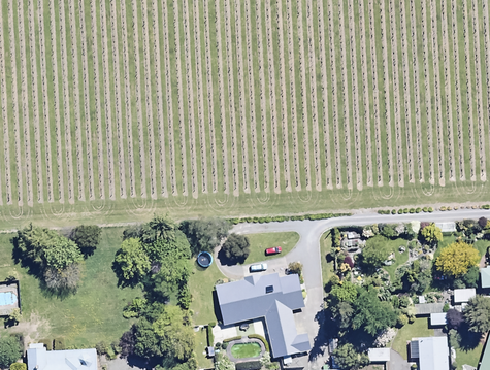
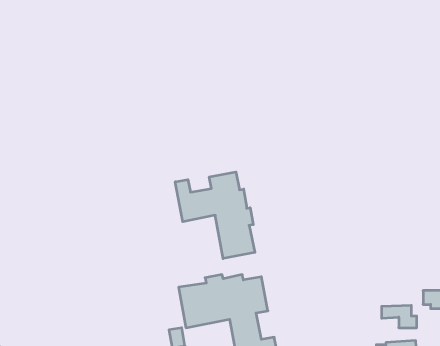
building: none -> [175,172,255,259]

